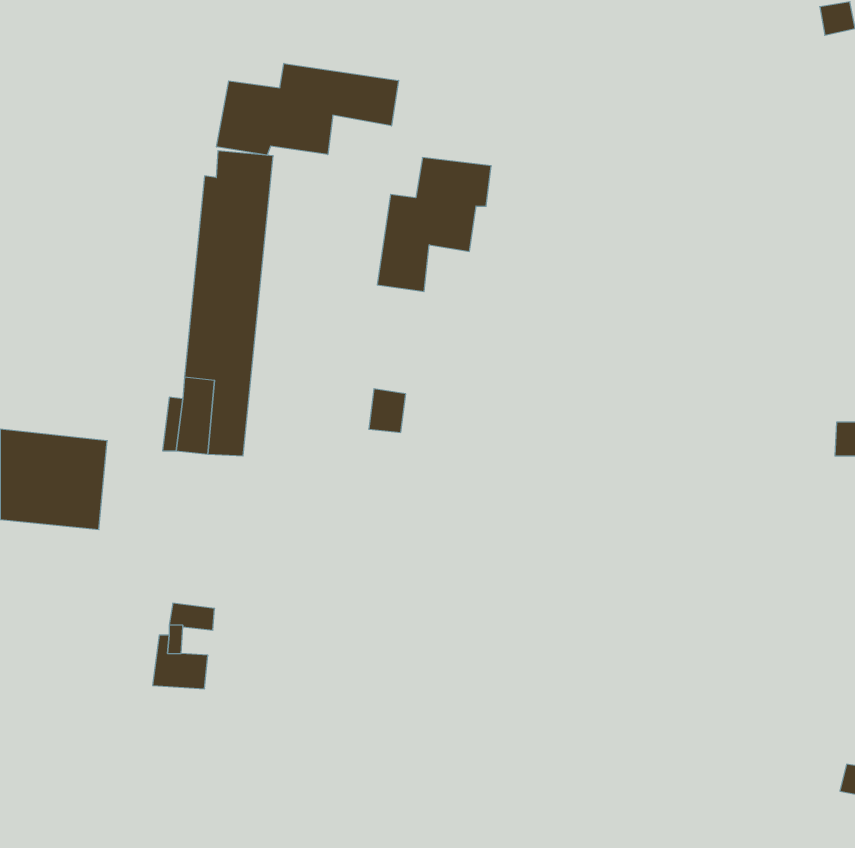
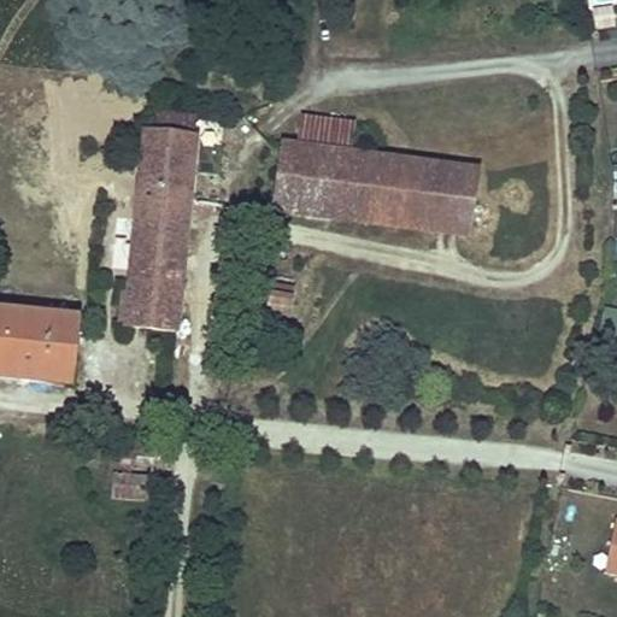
building: [217,63,399,155] -> none
building: none -> [306,148,476,231]

